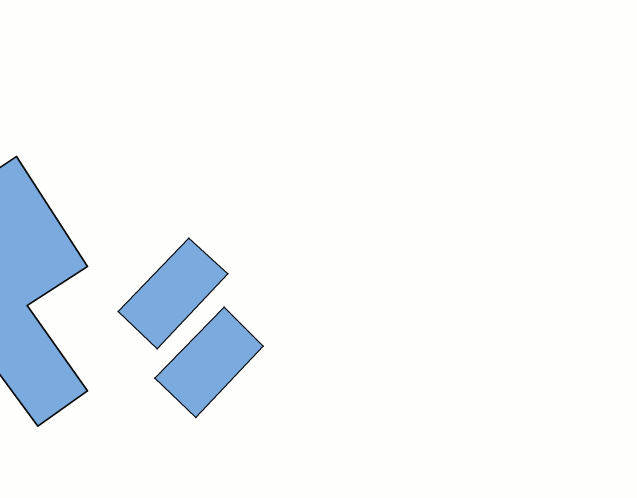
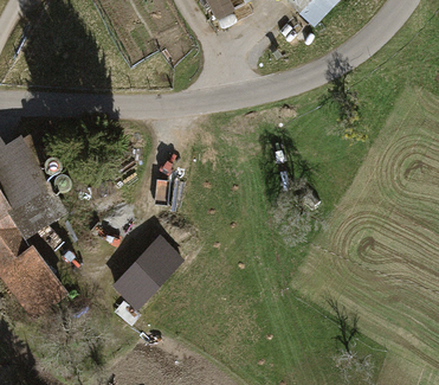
building: [118,238,228,349] -> none

